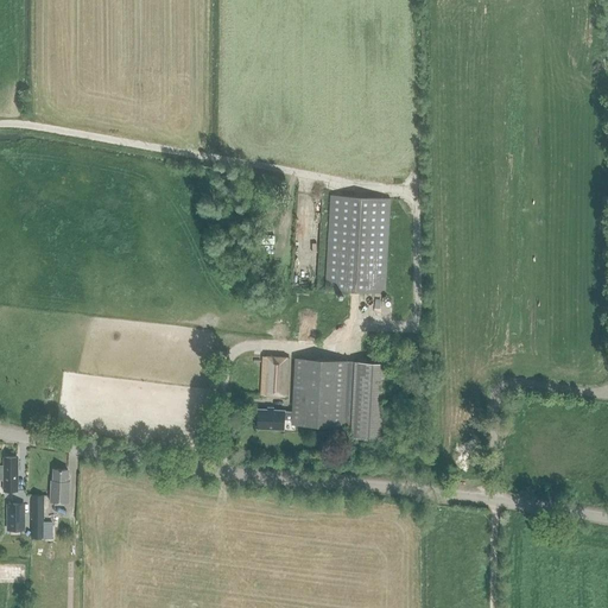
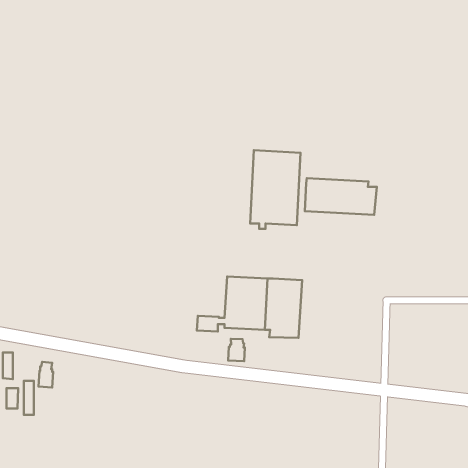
building: none -> [305,178,377,215]
building: [260,356,290,397] -> none
building: none -> [228,339,245,361]

